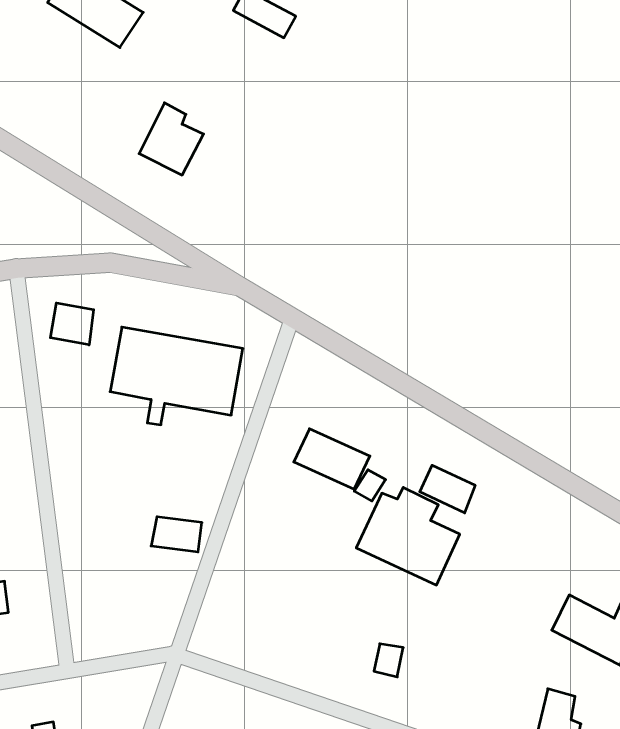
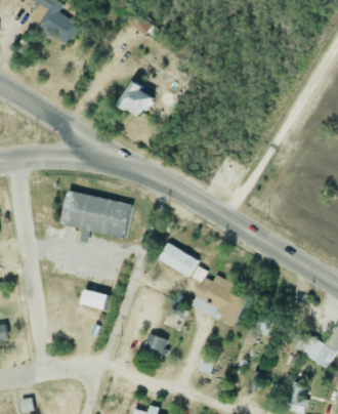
building: [139,103,204,175] -> [122,80,156,118]
building: [50,303,94,345] -> none
building: [420,465,475,513] -> none
building: none -> [143,334,166,358]

